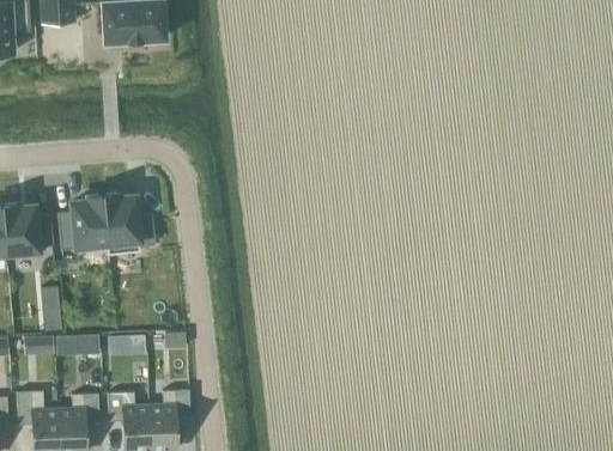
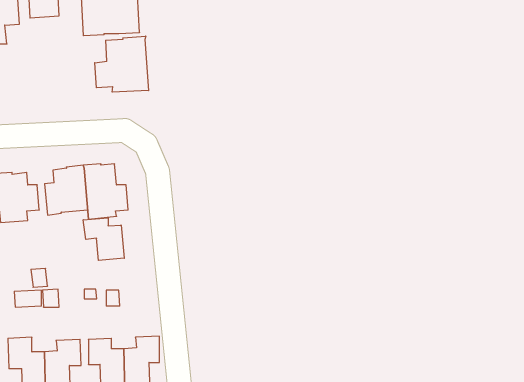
building: none -> [95,36,149,92]
building: none -> [83,218,124,260]

